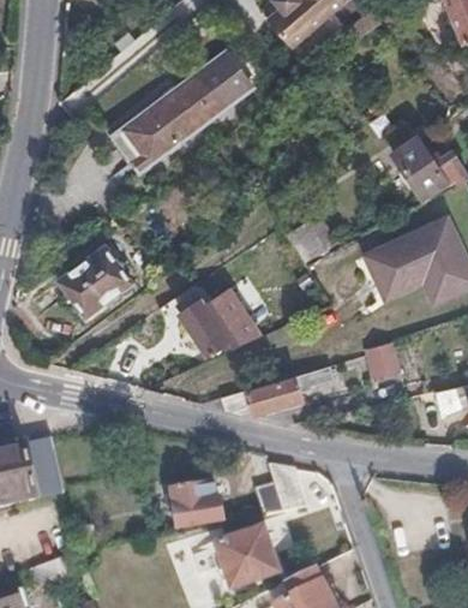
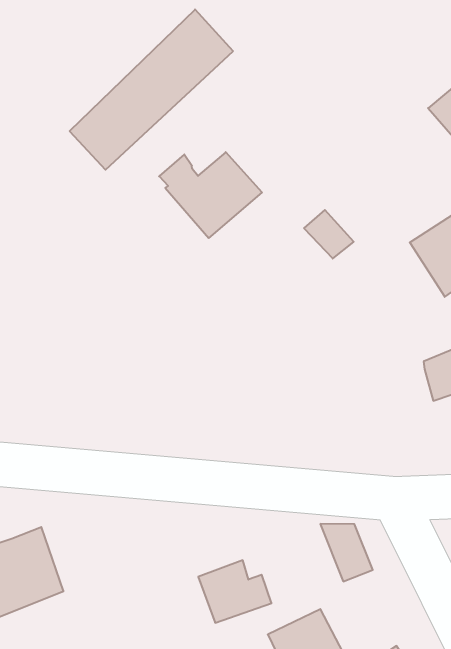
building: [59,245,131,315] -> none
building: [178,287,256,354] -> [159,152,262,238]
building: [223,364,334,413] -> none

